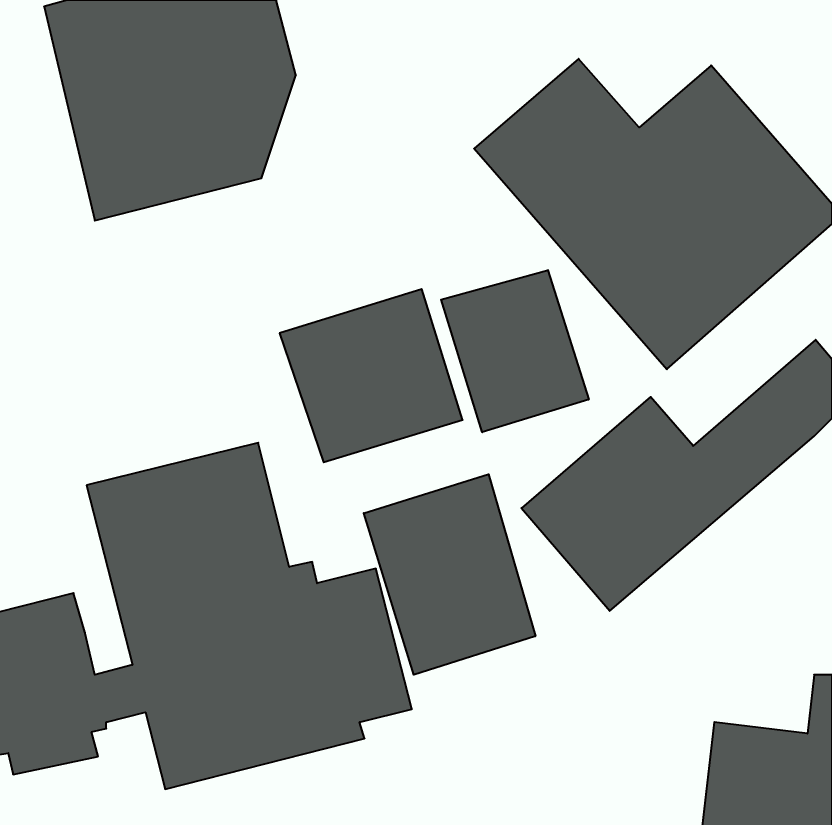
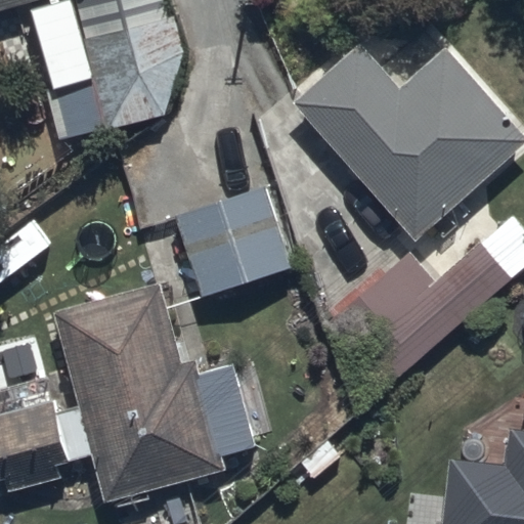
building: [441,270,589,432] -> none
building: [364,474,535,675] -> none

